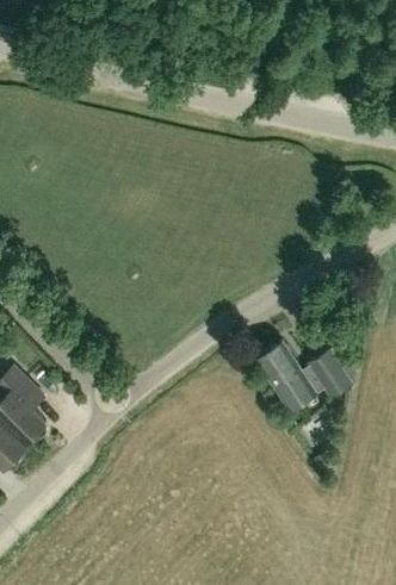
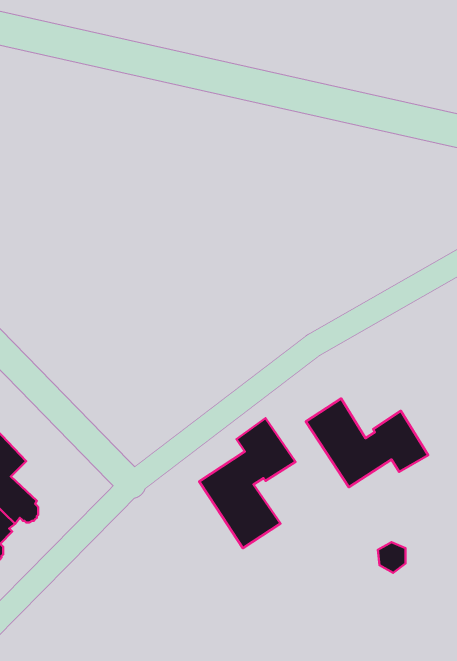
building: none -> [199,418,296,548]

